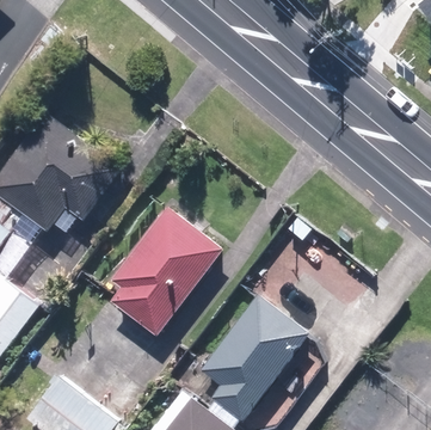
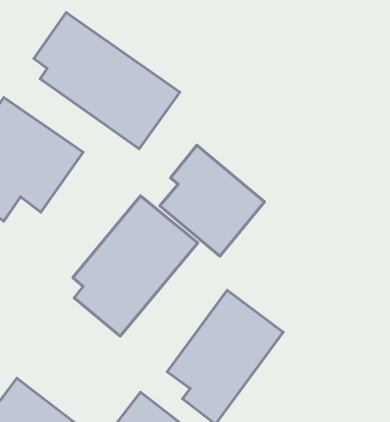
building: none -> [34,12,180,149]
building: none -> [160,145,265,256]

